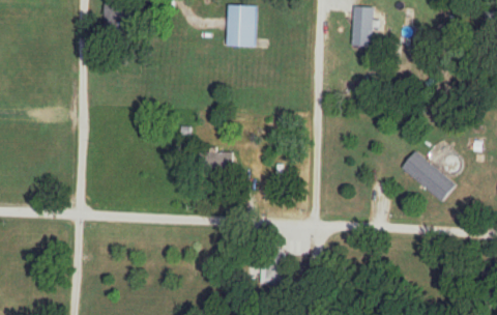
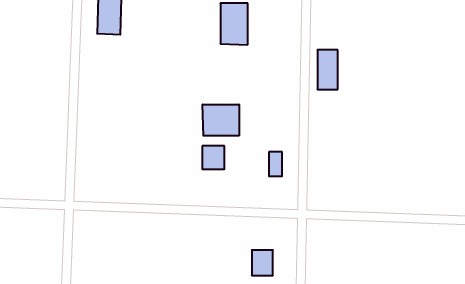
building: [352,6,373,47] -> [317,50,338,89]
building: none -> [203,104,239,136]
building: [399,149,456,203] -> none

